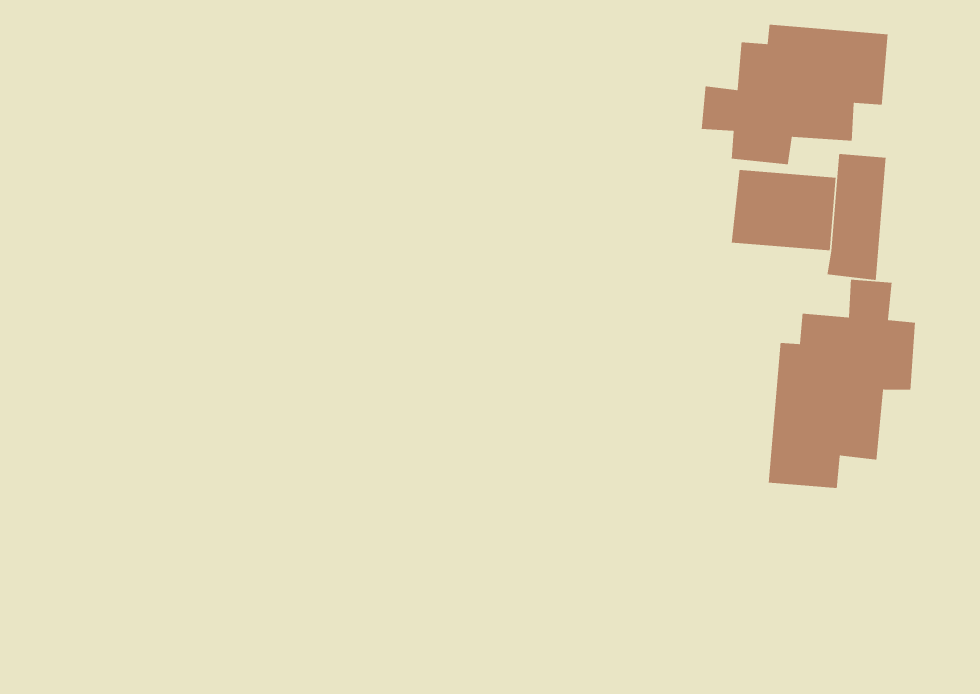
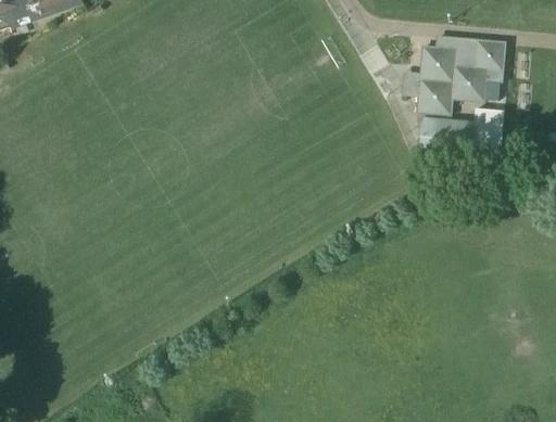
building: [768,279,916,489] -> none

